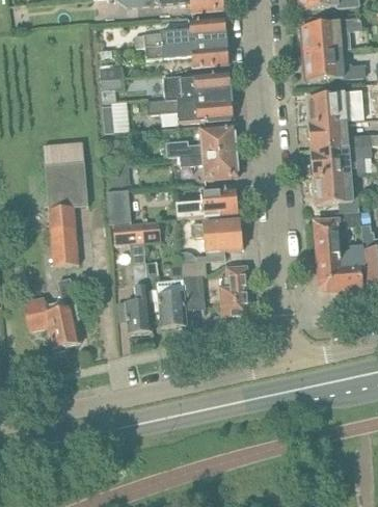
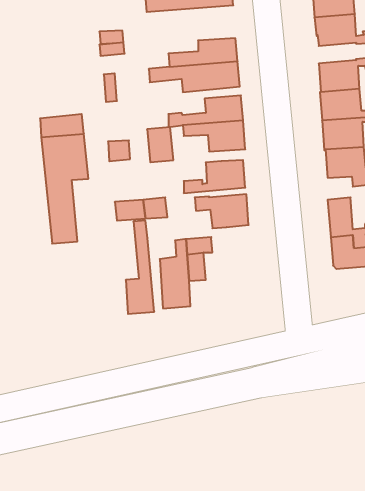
building: [144,41,228,66] -> none
building: [107,189,132,222] -> [147,127,173,162]
building: [221,268,248,317] -> none
building: [23,277,80,348] -> none

